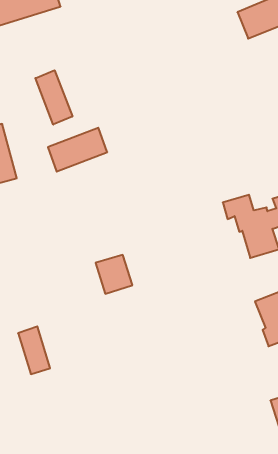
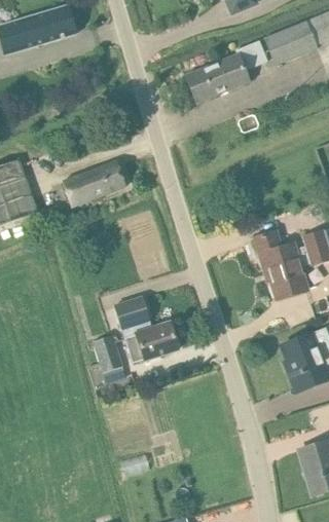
building: none -> [186,40,268,102]
building: [35,70,72,125] -> none
building: none -> [124,322,180,363]
building: [18,326,50,374] -> [94,334,127,384]

